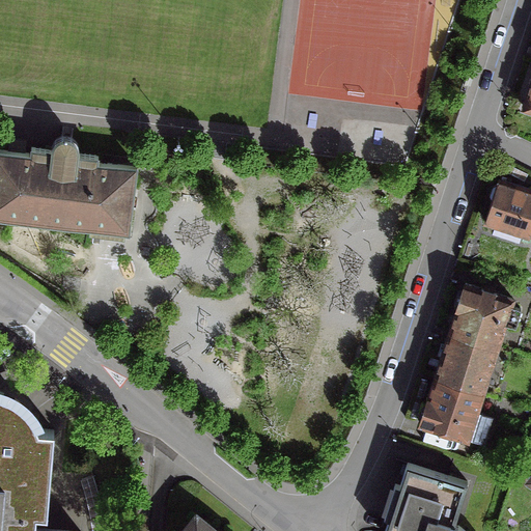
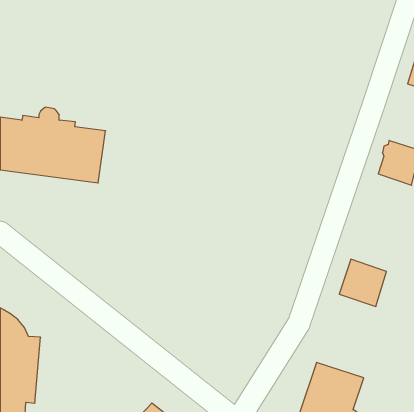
building: [449,287,519,351] -> none
building: [419,380,481,442] -> none

